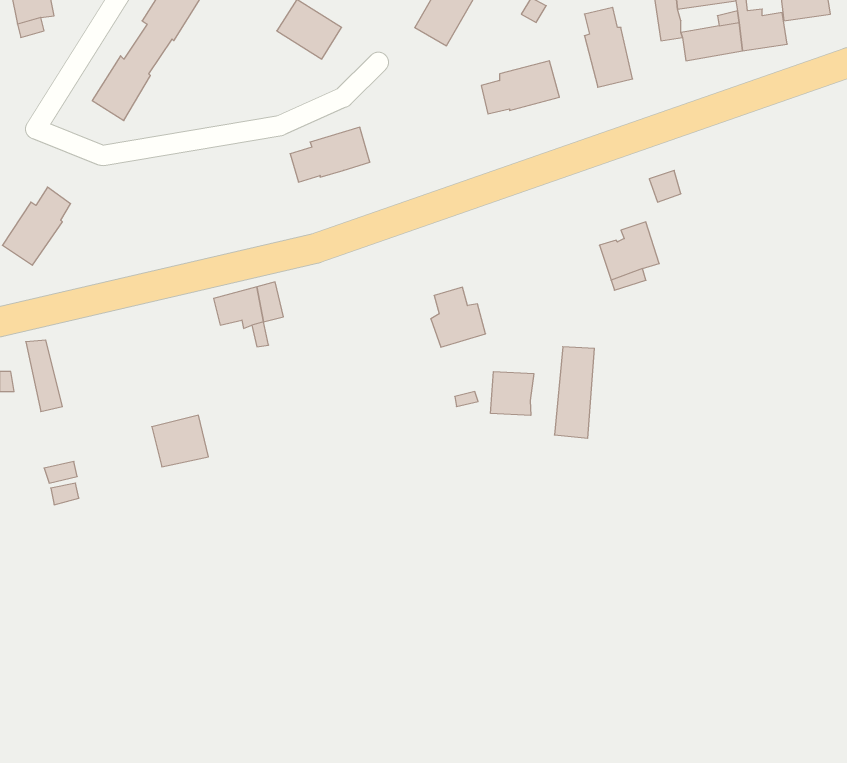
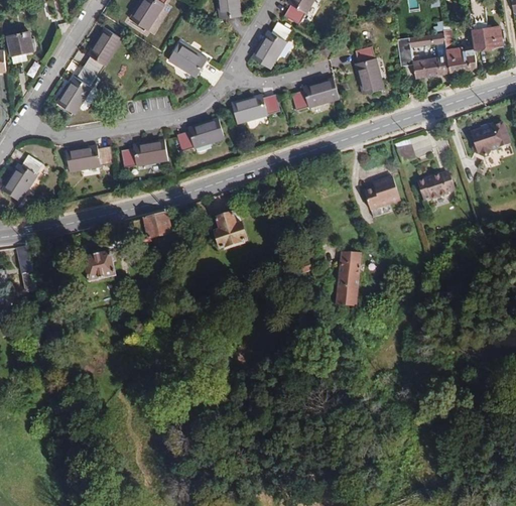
building: none -> [232,94,280,124]
building: none -> [470,122,508,156]
building: none -> [121,139,168,167]
building: none -> [67,145,114,172]
building: none -> [417,170,456,201]
building: [431,287,486,347] -> [216,204,249,240]
building: [491,372,534,415] -> none
building: [152,415,208,467] -> [83,251,117,282]

